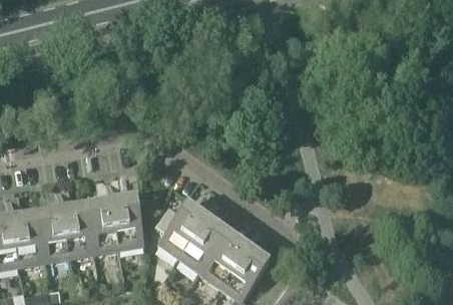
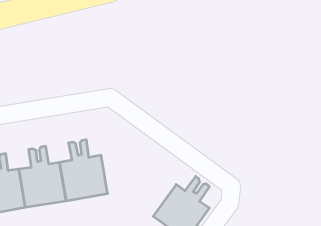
building: [158,191,229,269] -> none

